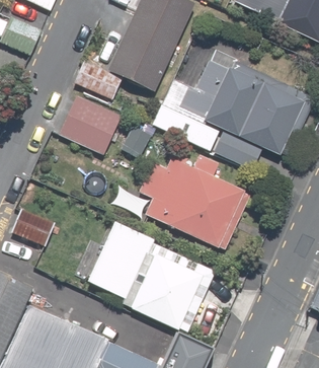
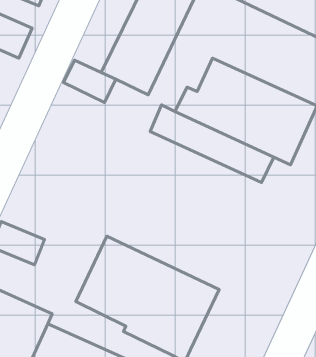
building: [57,94,118,153] -> none
building: [134,149,246,247] -> none

